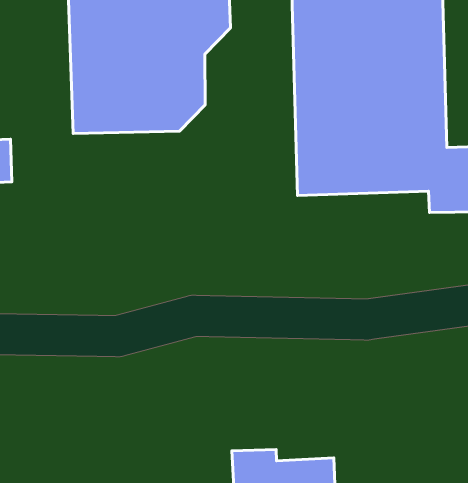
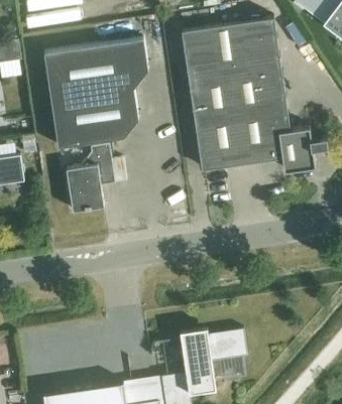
building: none -> [66,144,126,212]

